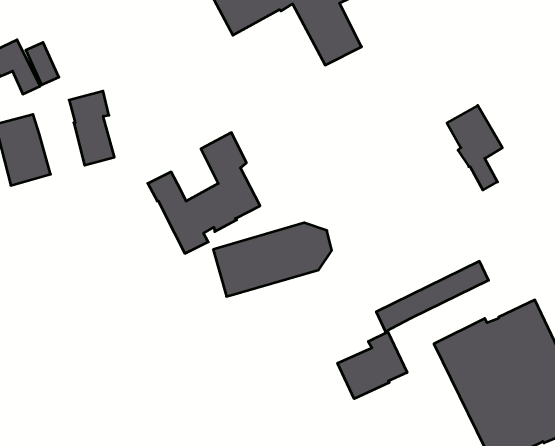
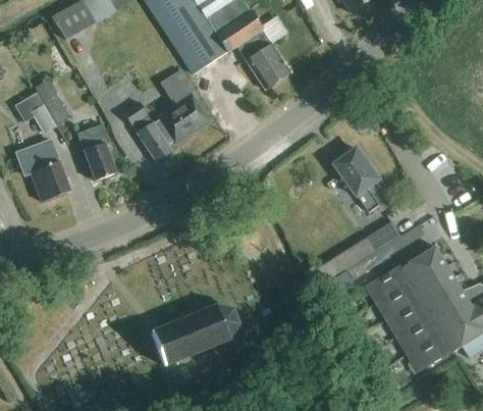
building: [447,105,502,190] -> [336,148,379,210]
building: [148,133,260,253] -> [122,68,207,161]
building: [213,223,332,296] -> [150,305,237,365]
building: [338,332,407,399] -> none

